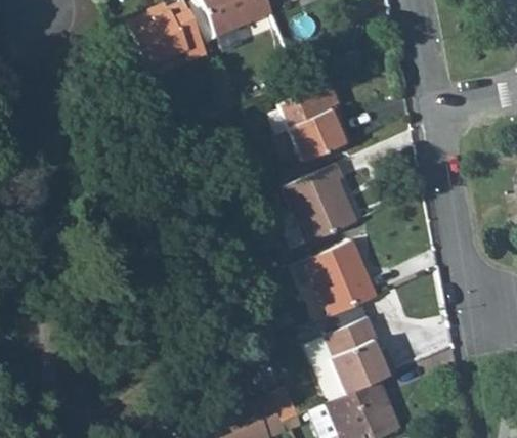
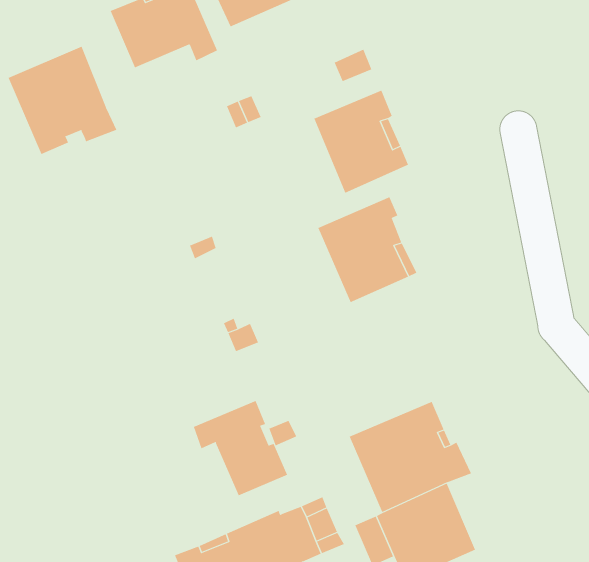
building: none -> [8,46,117,155]
building: [306,238,378,316] -> none
building: none -> [193,400,288,496]

